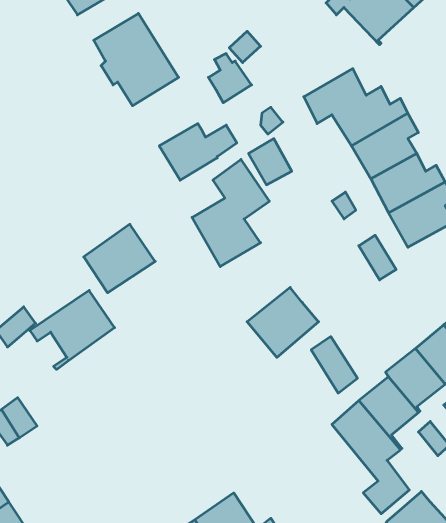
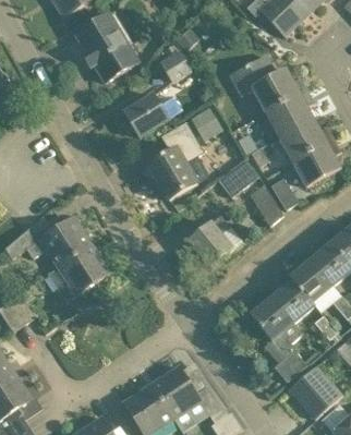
building: none -> [218,157,259,197]
building: [84,224,155,293] -> [58,245,110,295]
building: [311,337,357,393] -> [250,184,283,226]

